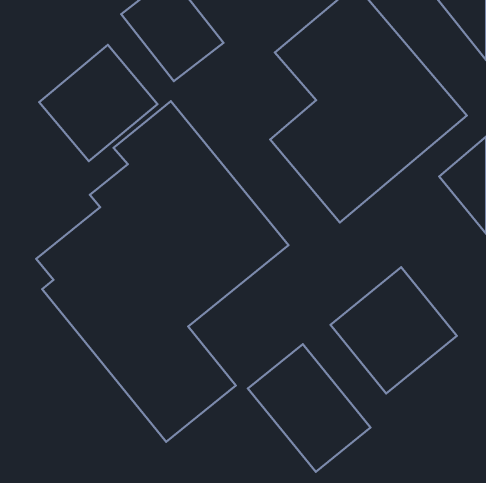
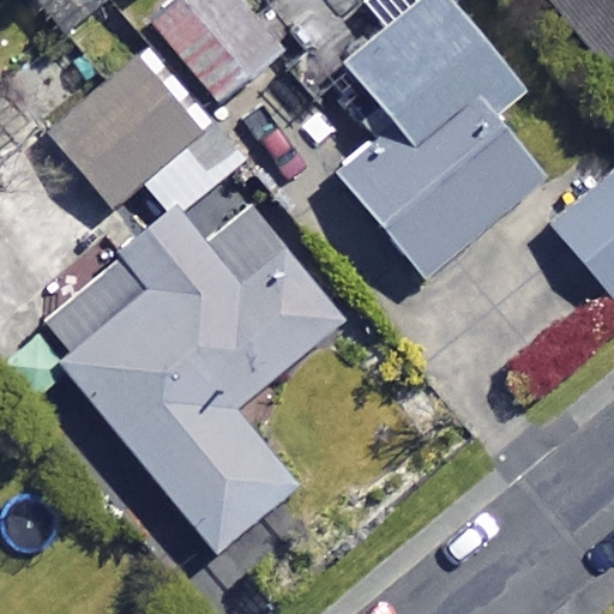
building: [331,267,457,393] -> none
building: [248,344,371,472] -> none

